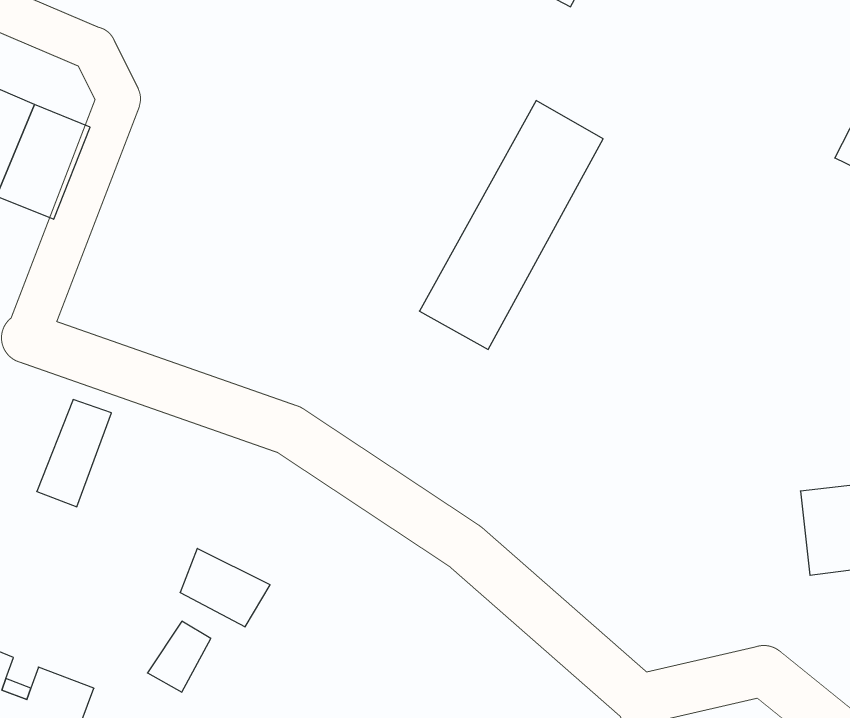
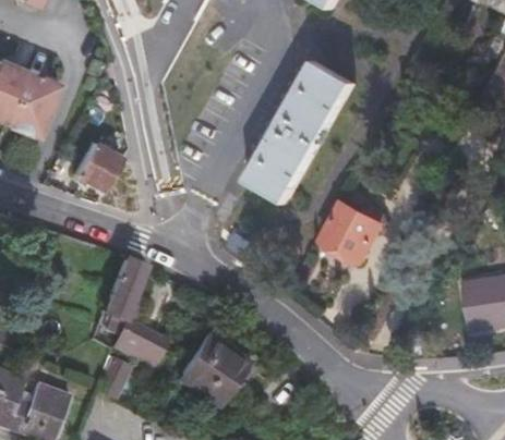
building: none -> [69,140,118,190]
building: none -> [329,205,384,259]
building: [37,400,111,507] -> [98,256,141,317]
building: none -> [172,334,243,408]

